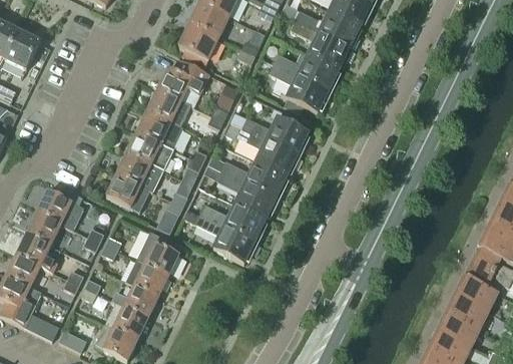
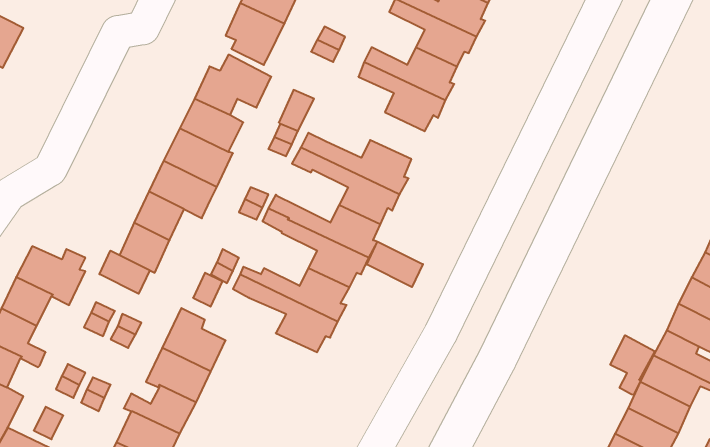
building: none -> [367,242,423,287]
building: none -> [99,251,150,294]
building: none -> [610,335,655,395]

